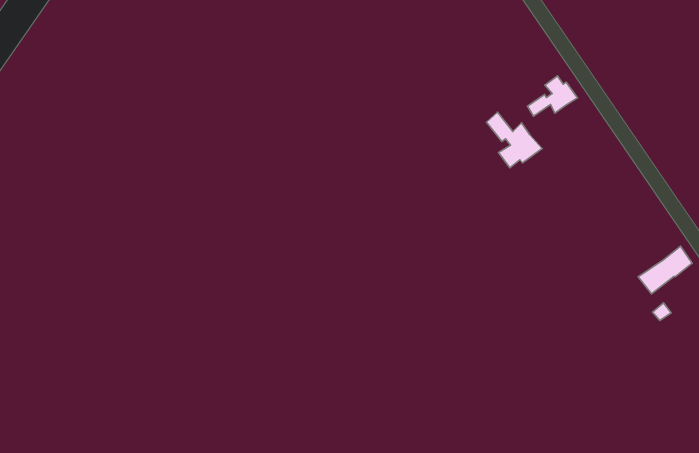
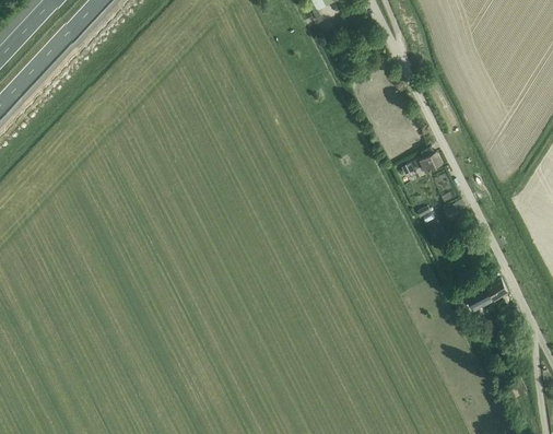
building: [486,112,542,168] -> none

